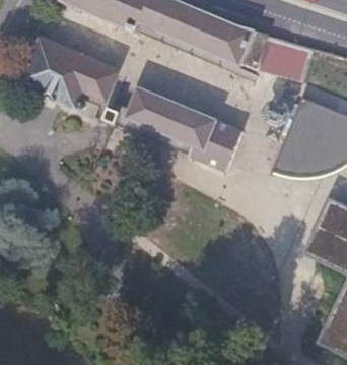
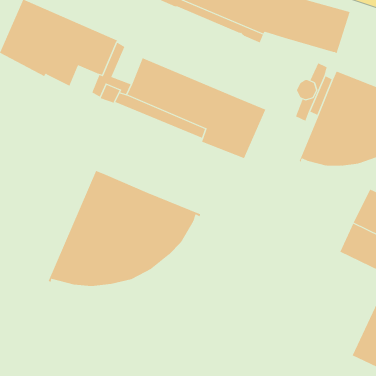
building: none -> [48,170,201,287]

